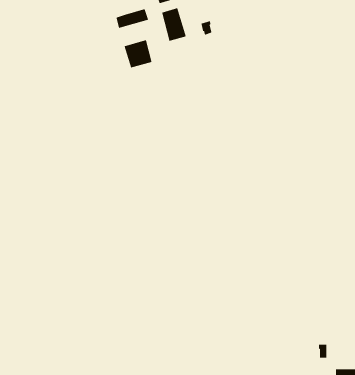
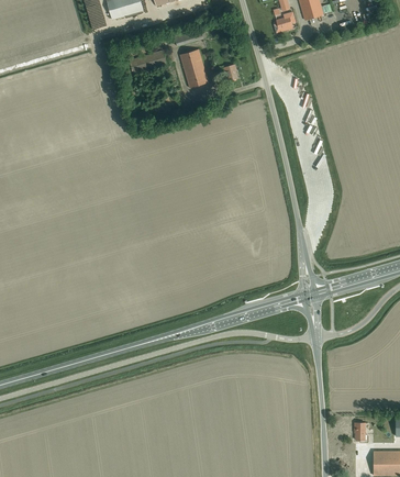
building: [124,39,152,69] -> none

